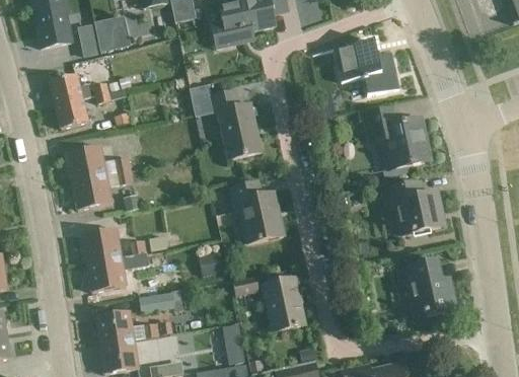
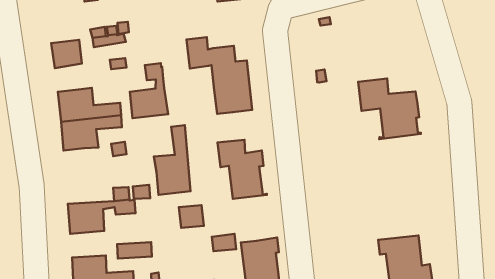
building: [313,37,399,99] -> none
building: [50,74,90,104] -> none
building: none -> [130,63,168,118]
building: none -> [154,125,191,195]
building: [383,181,445,235] -> none
building: [82,228,121,262] -> none

